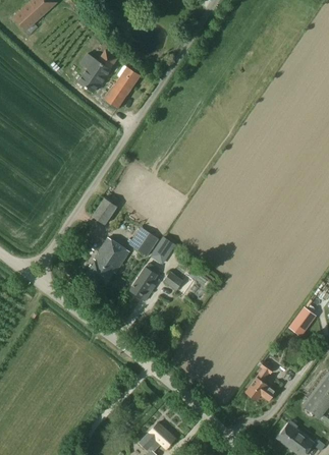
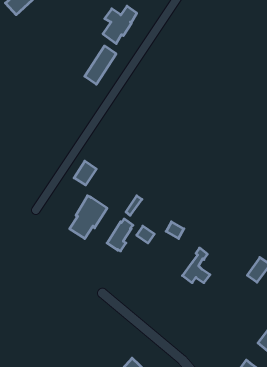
building: [77,51,116,94] -> [103,6,137,44]
building: [128,227,158,257] -> none
building: [244,361,276,401] -> [182,248,210,283]

